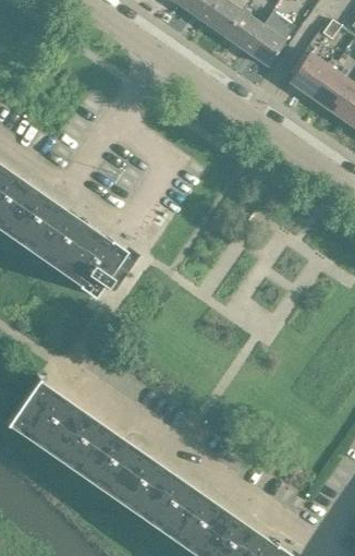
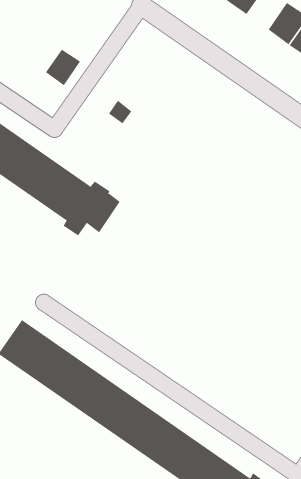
building: none -> [45,49,81,86]

